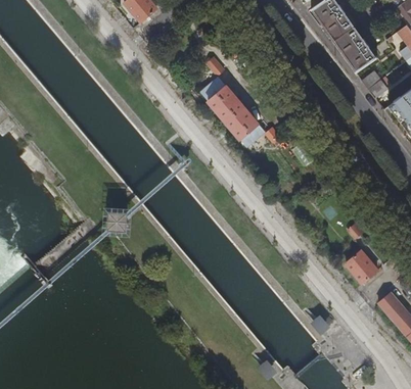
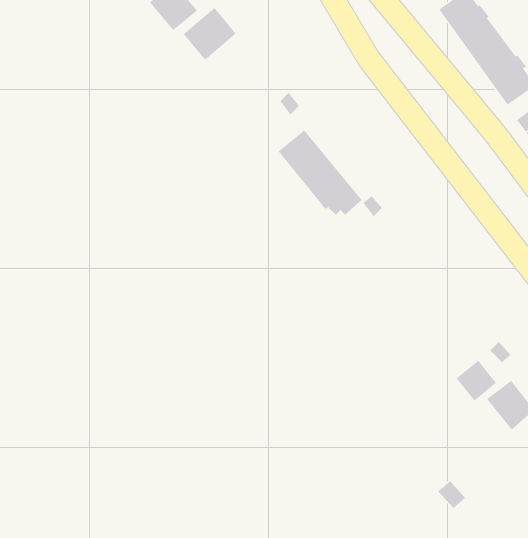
building: none -> [183,7,237,61]
building: none -> [456,360,497,401]

